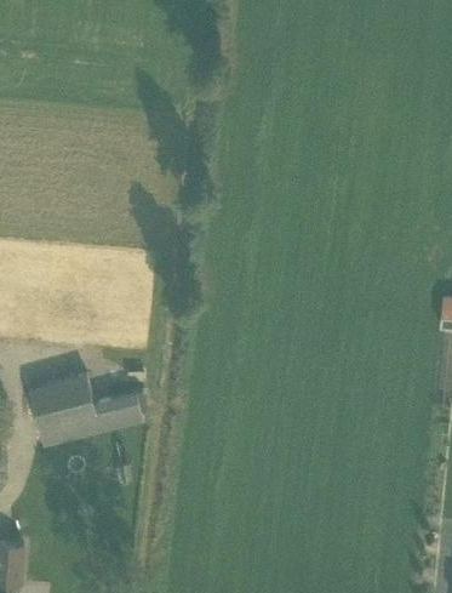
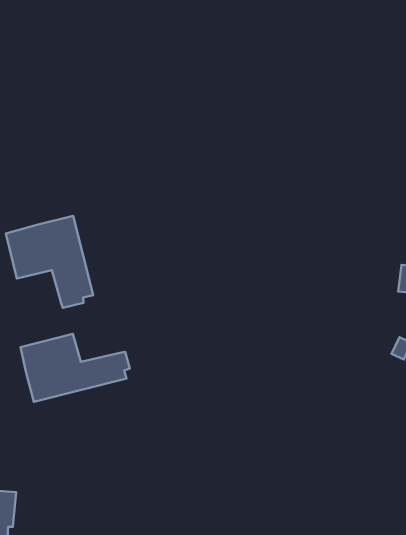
building: none -> [6,216,93,308]

